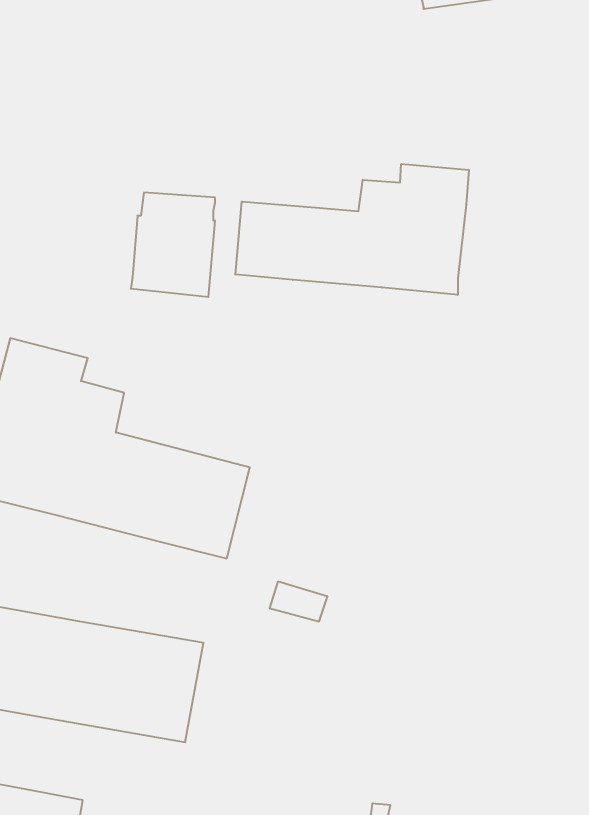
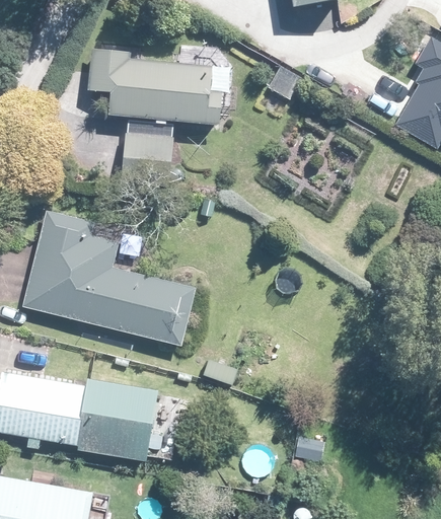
building: none -> [87,51,221,125]
building: [235,164,469,295] -> none

